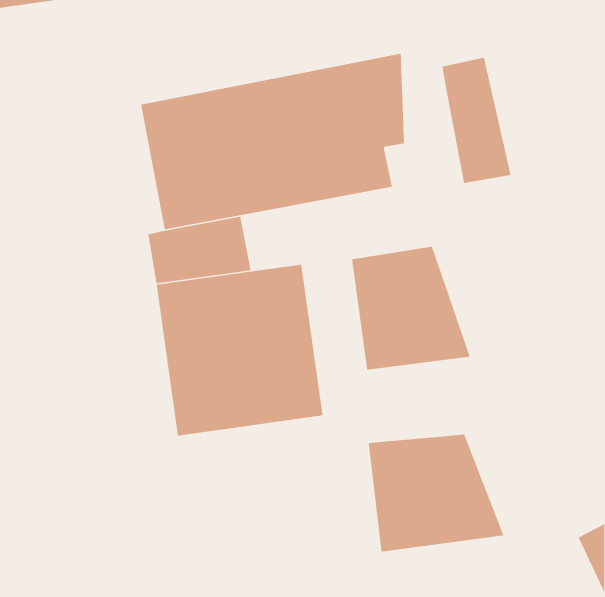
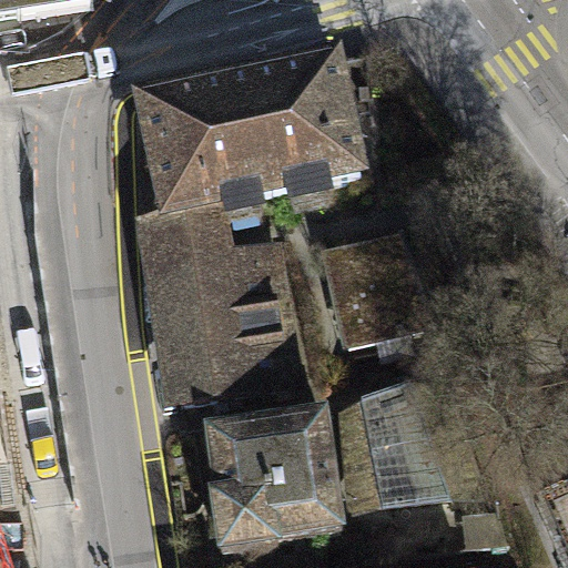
building: [441,57,511,184] -> none
building: none -> [201,405,342,545]

